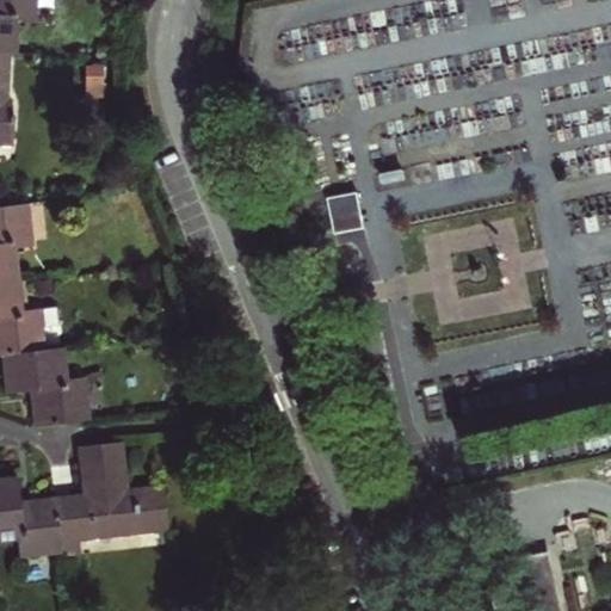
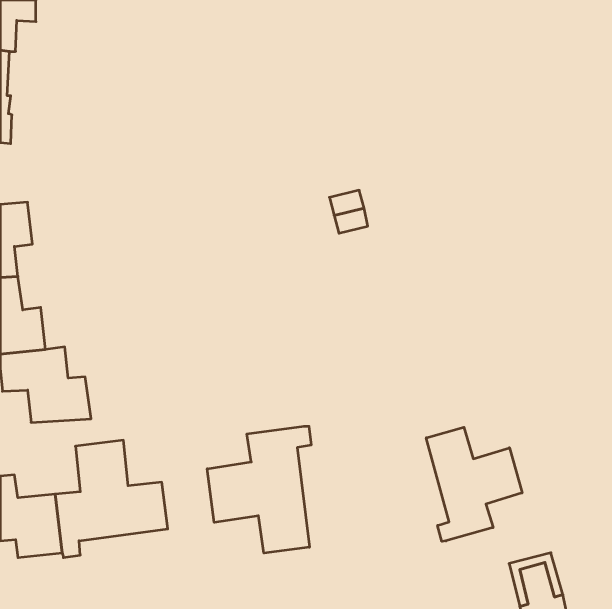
building: none -> [207,426,311,553]
building: none -> [426,427,522,541]

